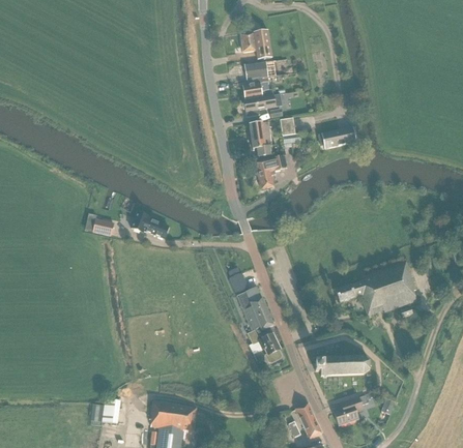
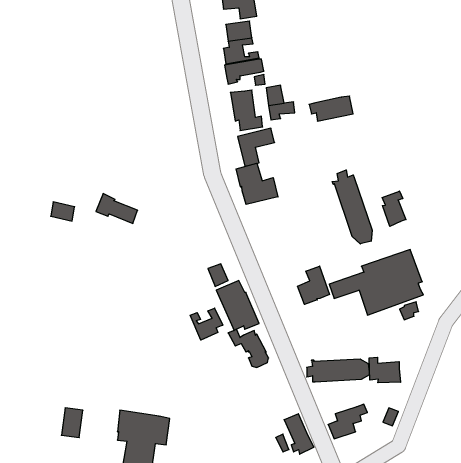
building: none -> [236,163,278,204]
building: none -> [332,170,372,244]
building: none -> [382,191,406,226]
building: none -> [297,266,330,304]
building: none -> [190,308,223,340]
building: none -> [369,357,401,383]

